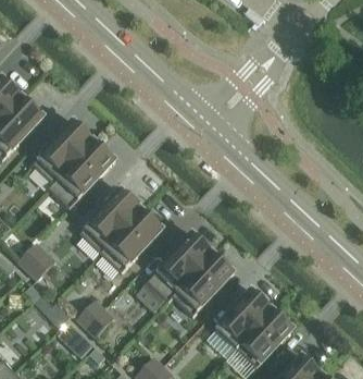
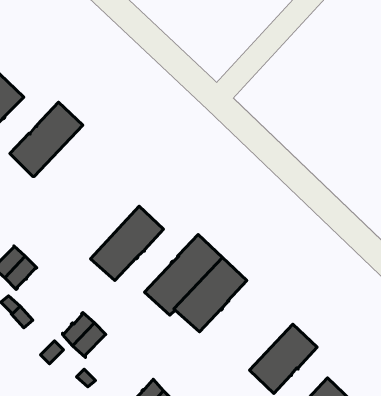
building: [47,140,114,209] -> none
building: [79,190,141,254] -> none
building: [214,290,272,349] -> none

